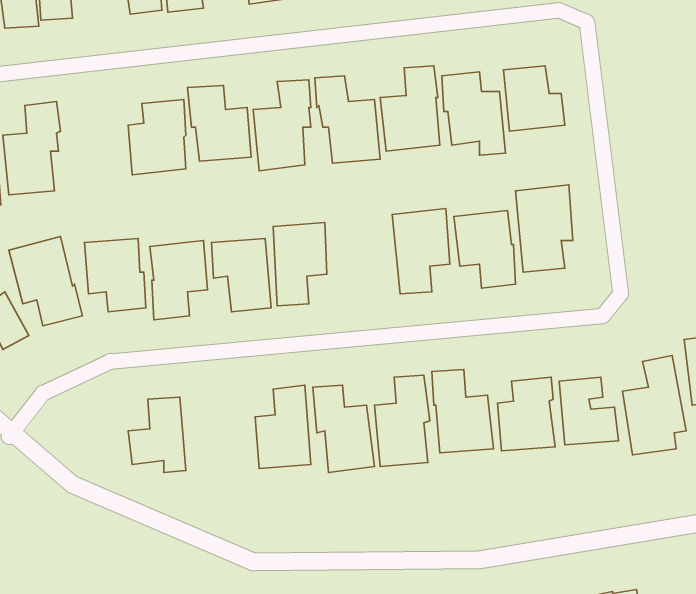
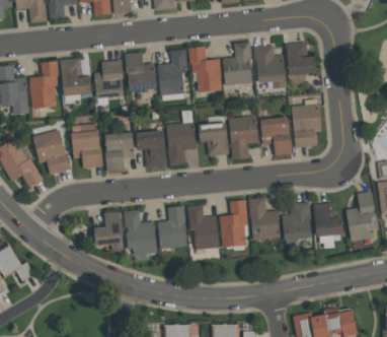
building: none -> [60,58,90,95]
building: none -> [198,121,228,155]
building: none -> [124,209,157,255]

